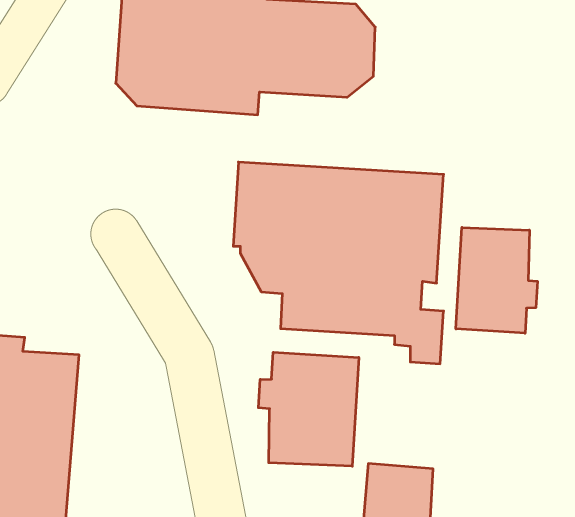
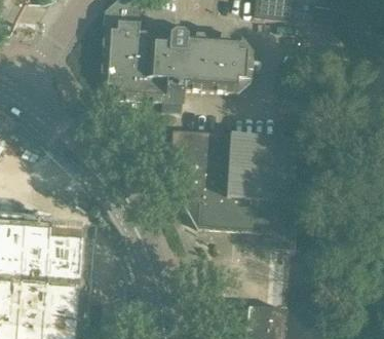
building: [456,227,537,333] -> none
building: [258,352,359,466] -> none

